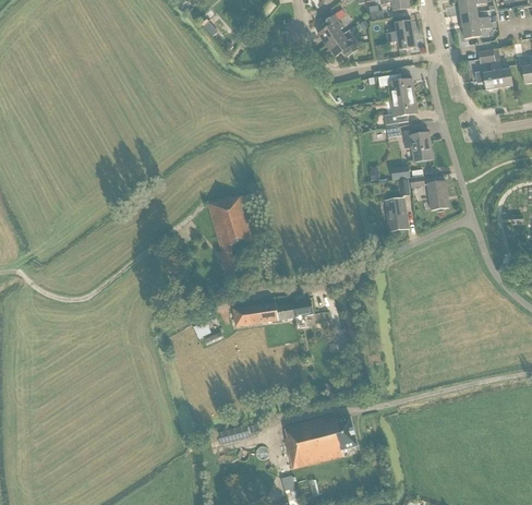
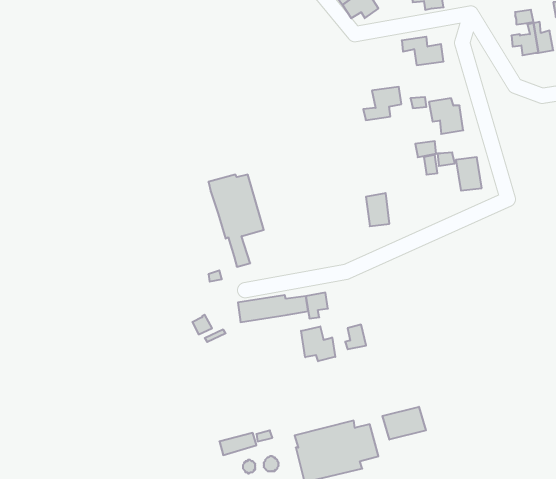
building: [384,95,418,124] -> [363,87,401,120]
building: [386,197,407,227] -> [366,193,389,226]
building: none -> [301,326,335,361]
building: none -> [382,407,426,440]

